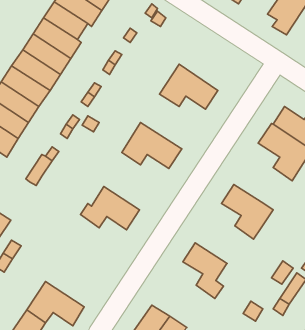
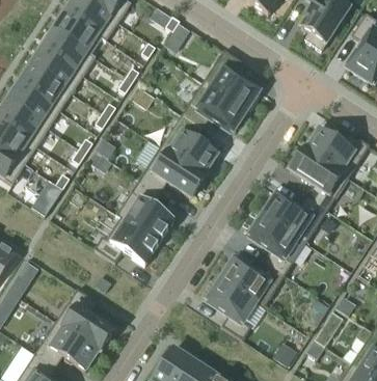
building: none -> [203,49,260,110]
building: none -> [160,114,217,173]
building: none -> [115,179,174,242]
building: none -> [263,193,327,242]
building: none -> [220,257,285,307]
building: none -> [55,288,114,351]

